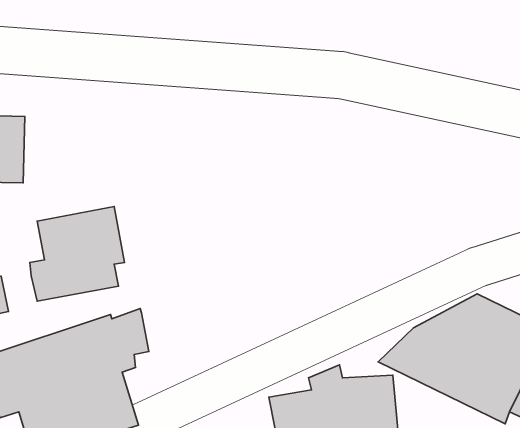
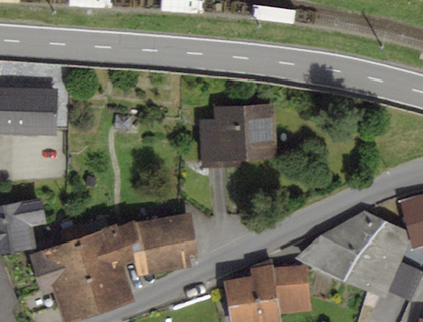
building: none -> [197,104,277,169]
building: [30,206,124,301] -> [132,213,196,278]

